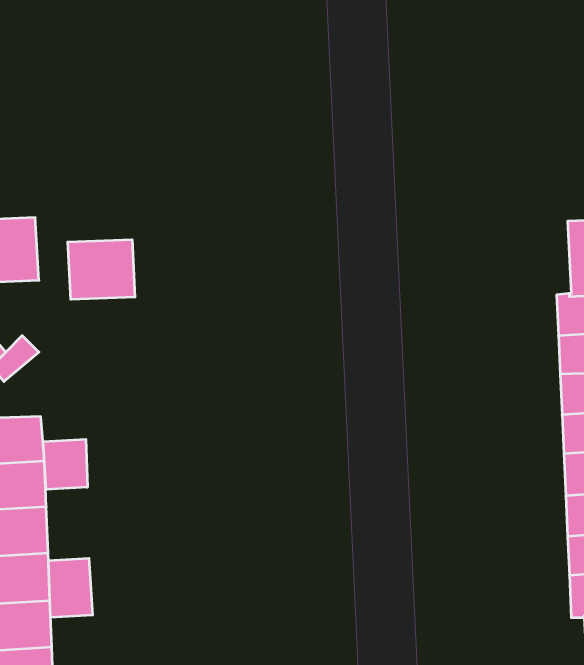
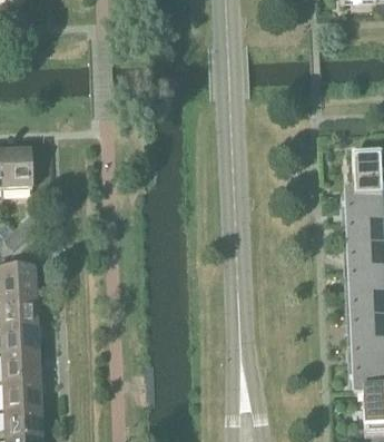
building: [68,240,135,299] -> none
building: [43,439,87,490] -> none
building: [49,558,93,617] -> none

